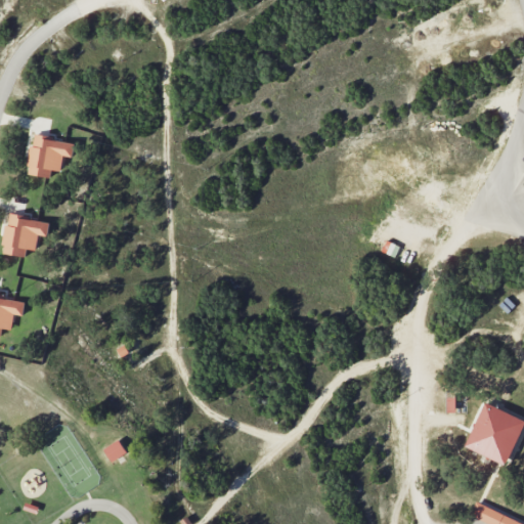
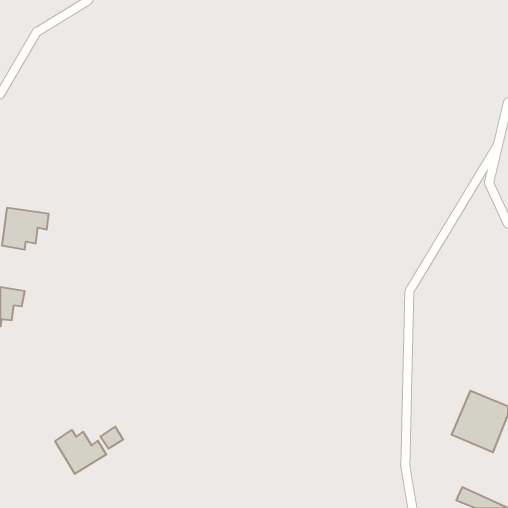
building: [27,135,75,177] -> none
building: none -> [55,430,106,474]

